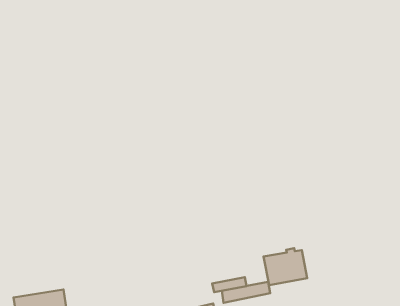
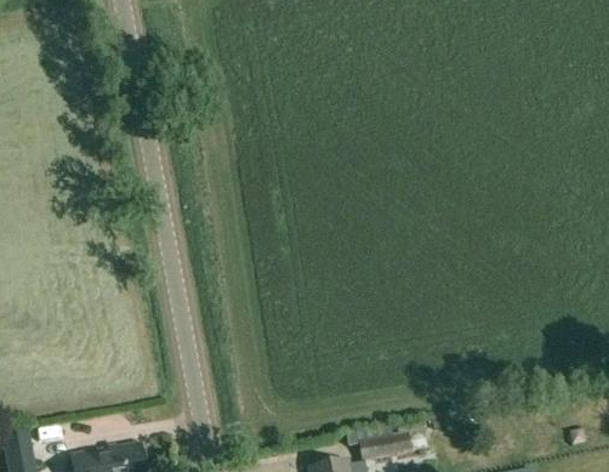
building: [263,248,307,285] -> none

